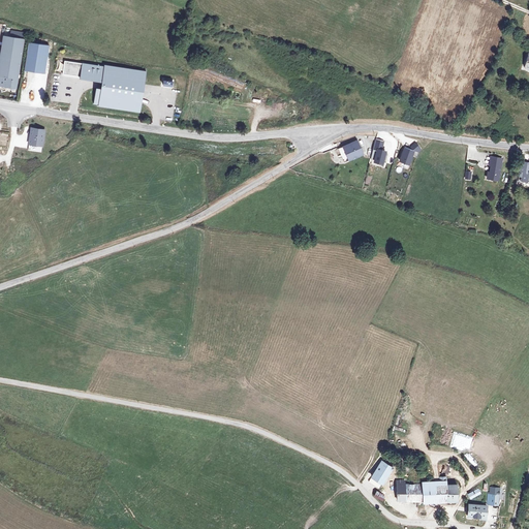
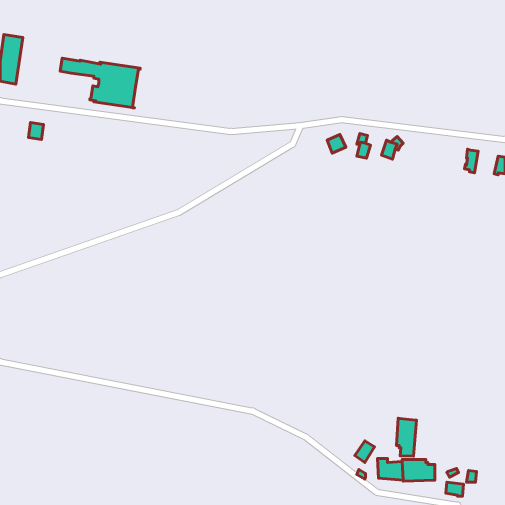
building: [25,42,50,73] -> none
building: none -> [397,418,416,456]

